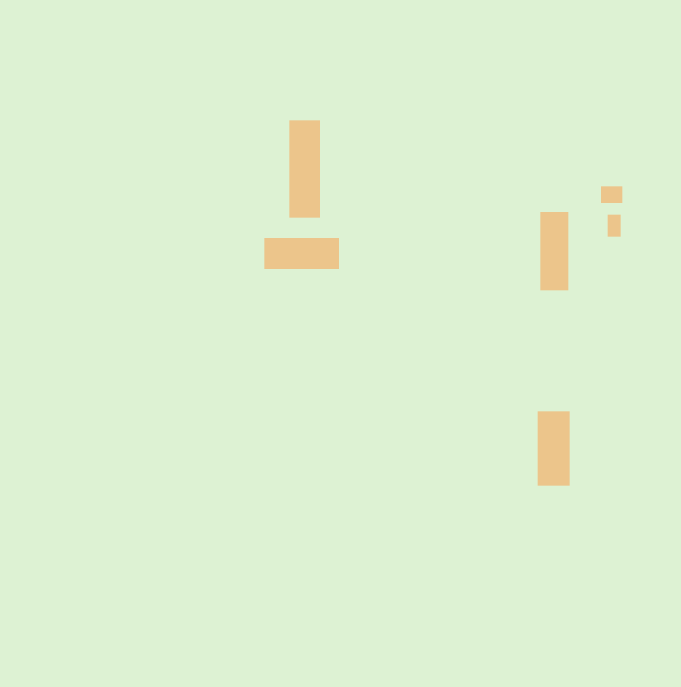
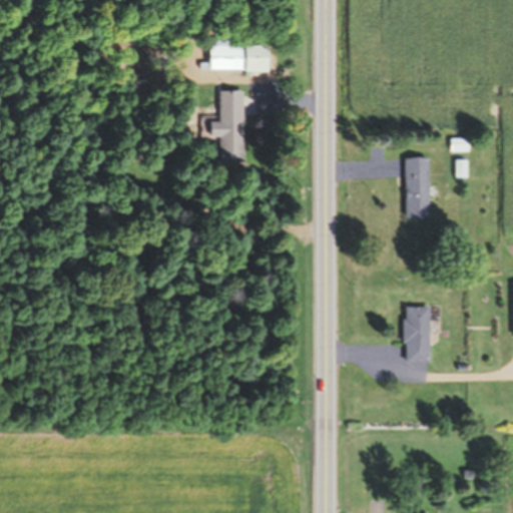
building: none -> [211,39,268,70]
building: [264,237,340,270] -> none

